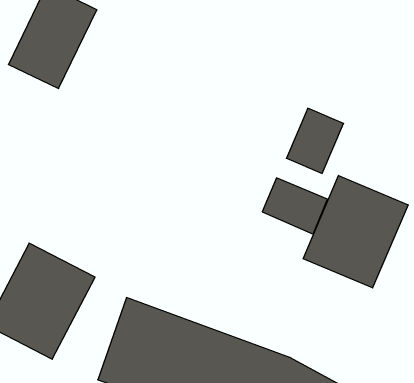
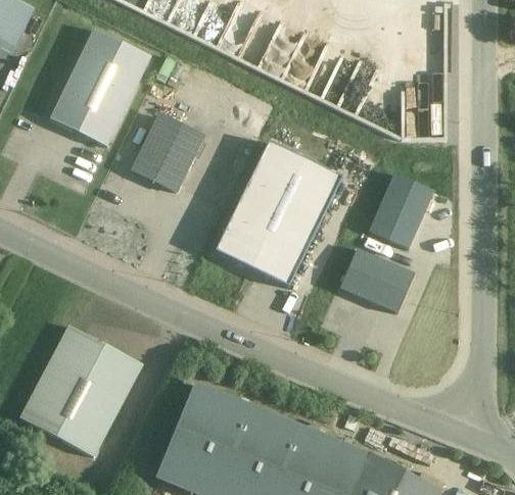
building: none -> [132,114,202,191]
building: none -> [215,141,342,288]
building: [303,175,408,288] -> none

